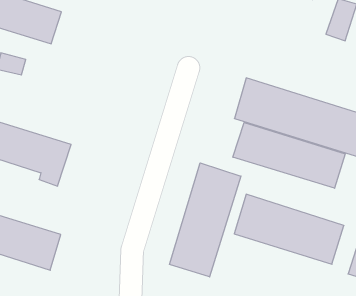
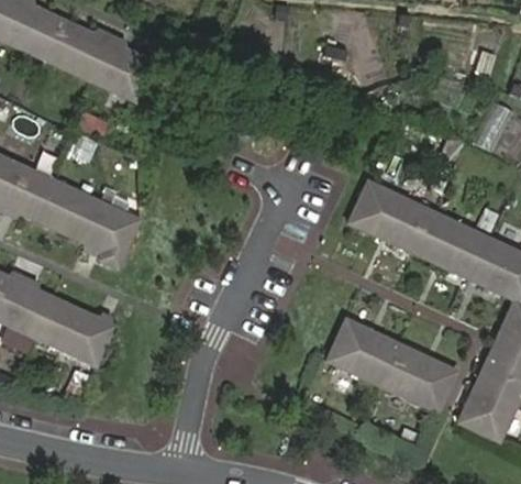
building: [233,122,345,188] -> none
building: [170,163,241,277] -> none

